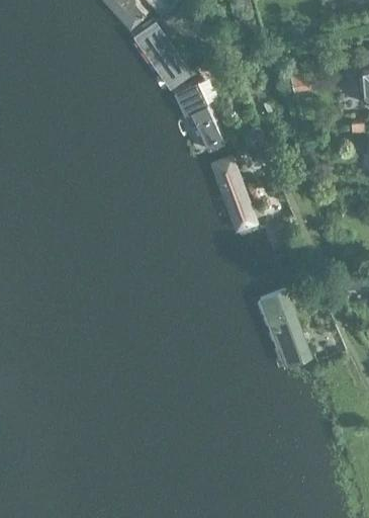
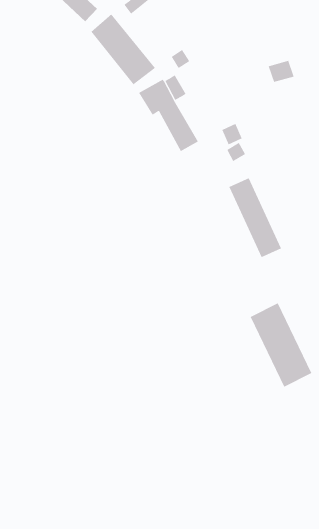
building: [212,162,257,235] -> [228,178,282,258]

